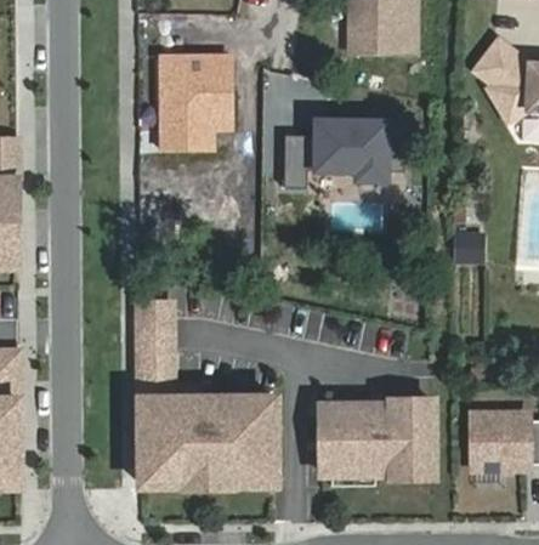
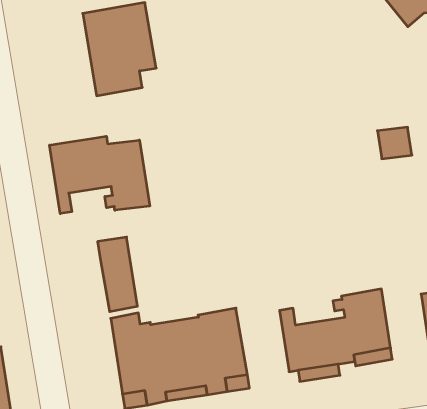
building: [283,119,403,186] -> none
building: none -> [50,136,150,214]

